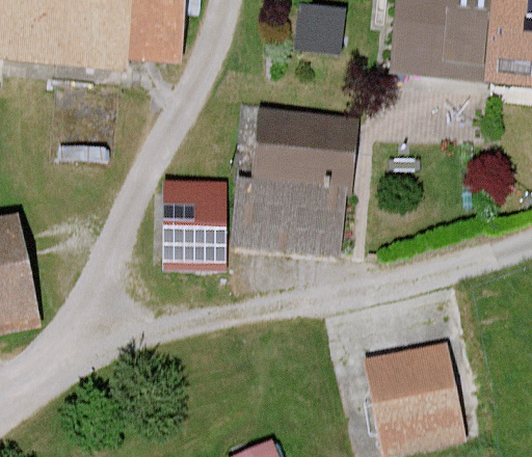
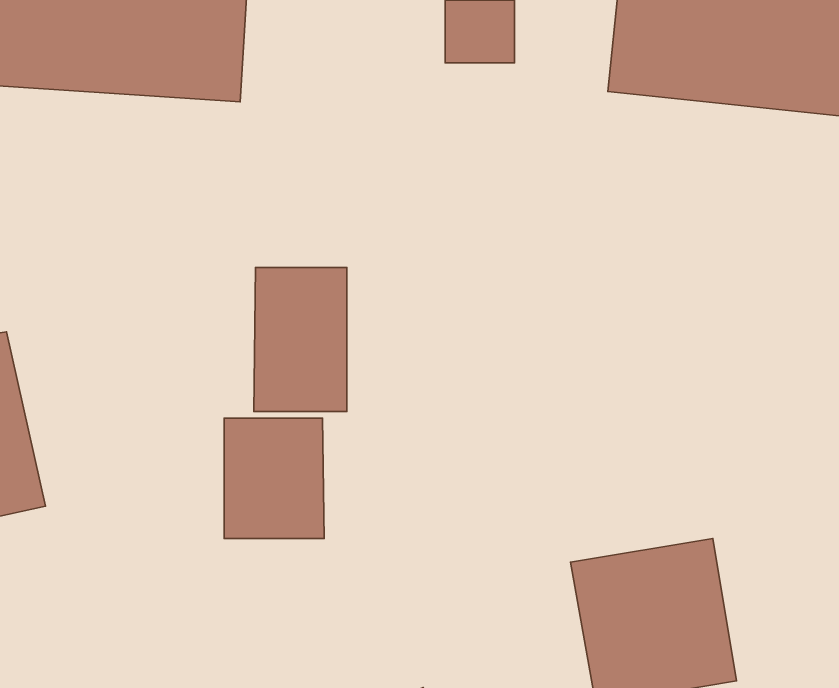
building: [239,106,356,251] -> none
building: none -> [224,418,324,538]

